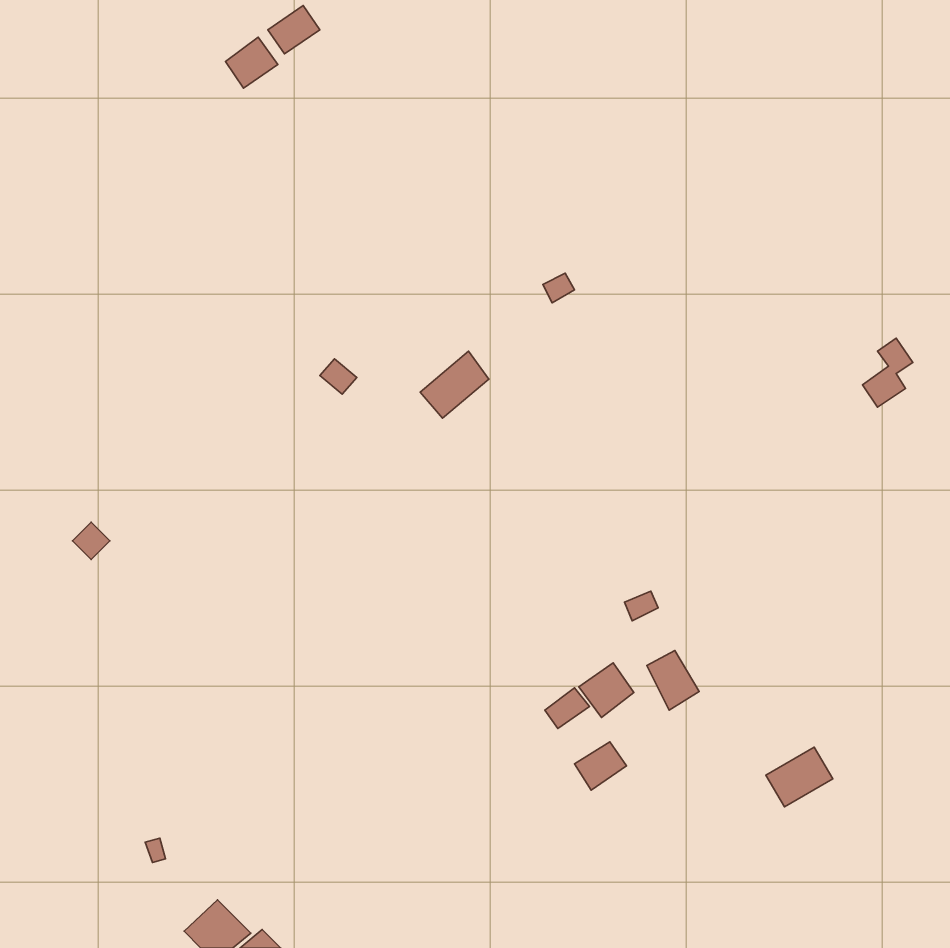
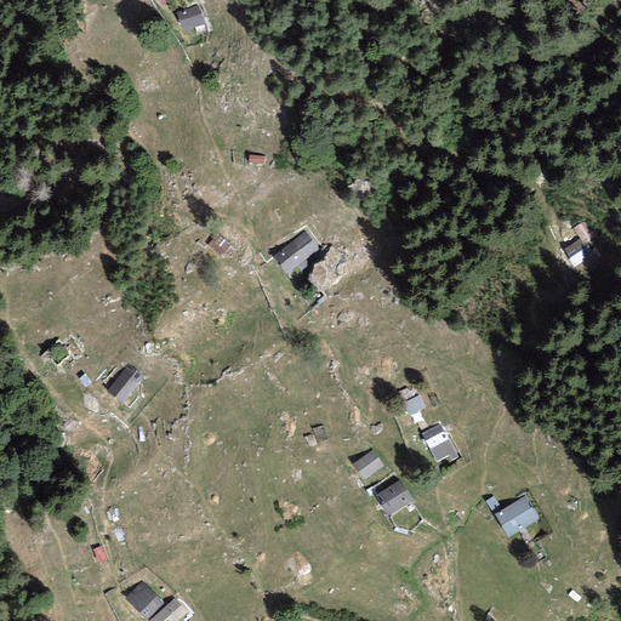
building: [225,37,278,88] -> none
building: none -> [106,364,144,404]
building: [579,663,634,718] -> none

